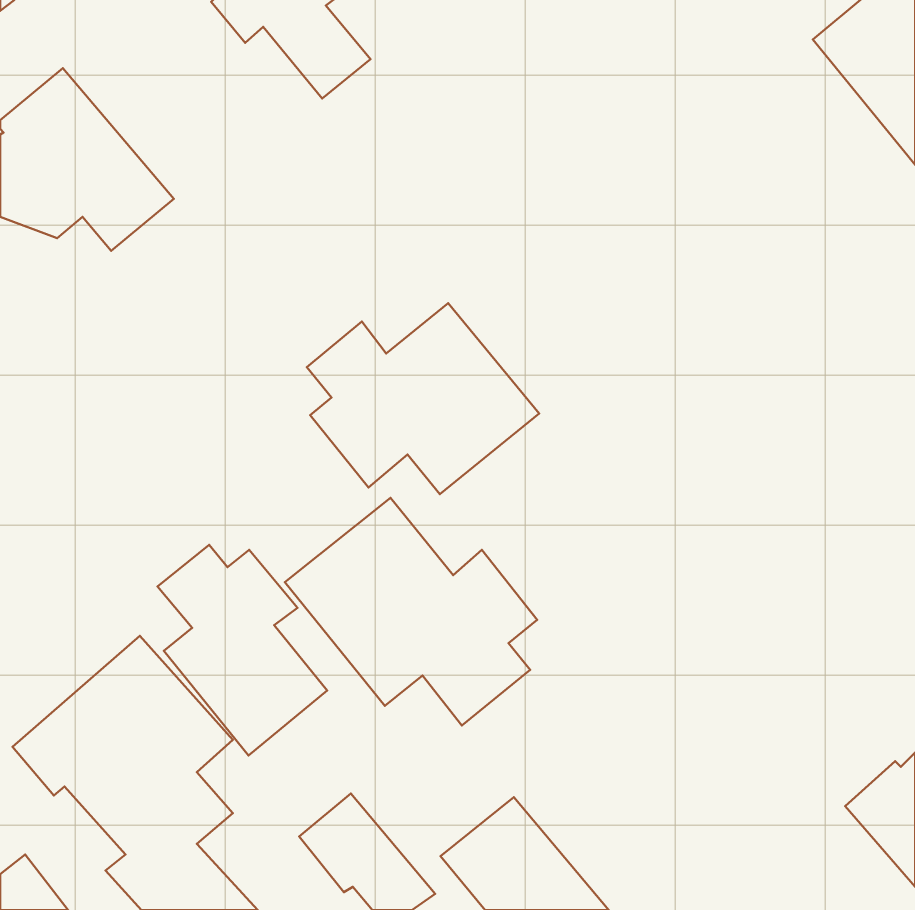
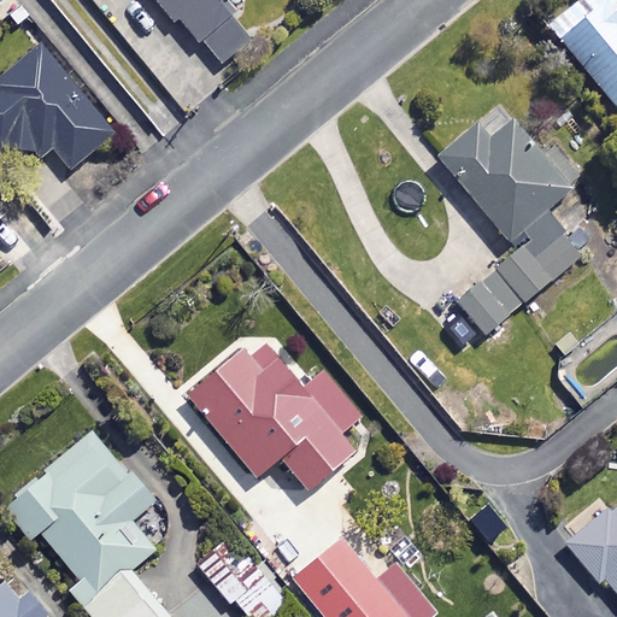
building: none -> [437,125,581,336]
building: [307,303,539,494] -> none
building: [158,545,327,756] -> none

